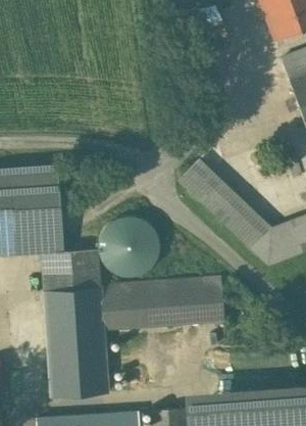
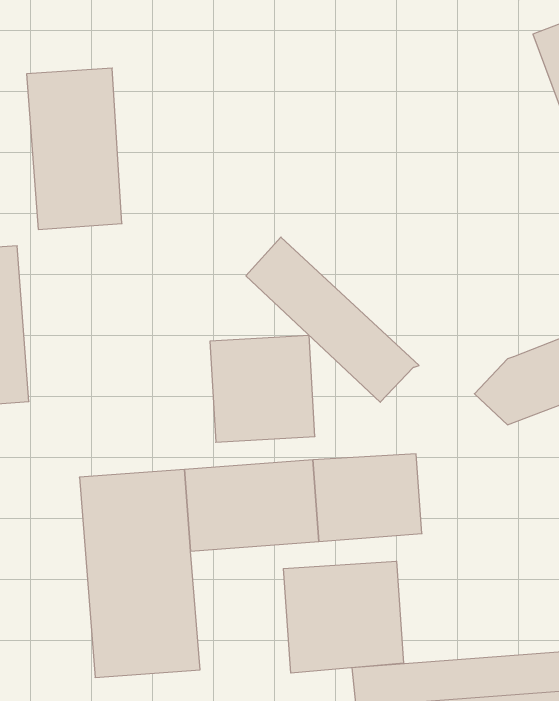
building: [182,160,272,247] -> [246,237,419,402]
building: [12,167,62,251] -> [27,68,122,229]
building: [43,250,100,291] -> none
building: none -> [283,561,404,673]

